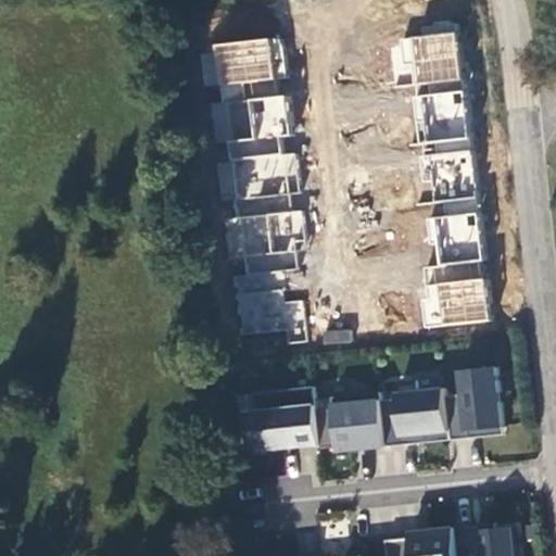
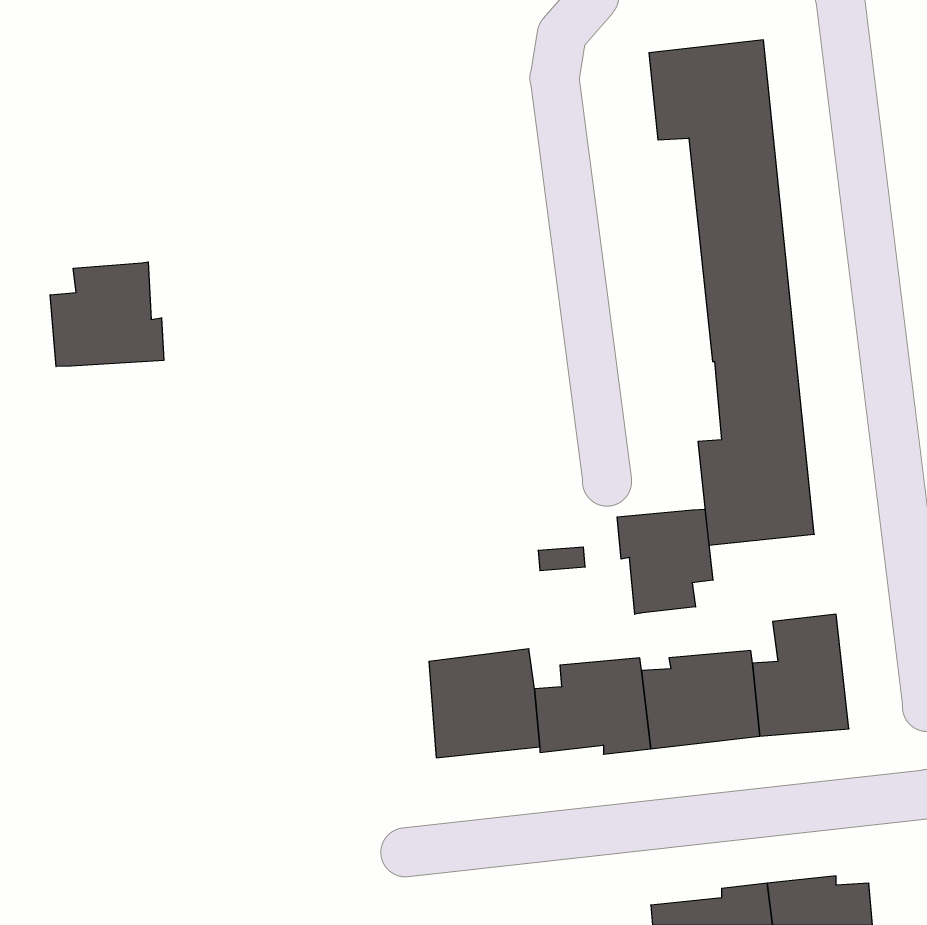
building: [213,36,306,338] -> none
building: none -> [50,262,164,367]
building: none -> [617,509,713,614]

